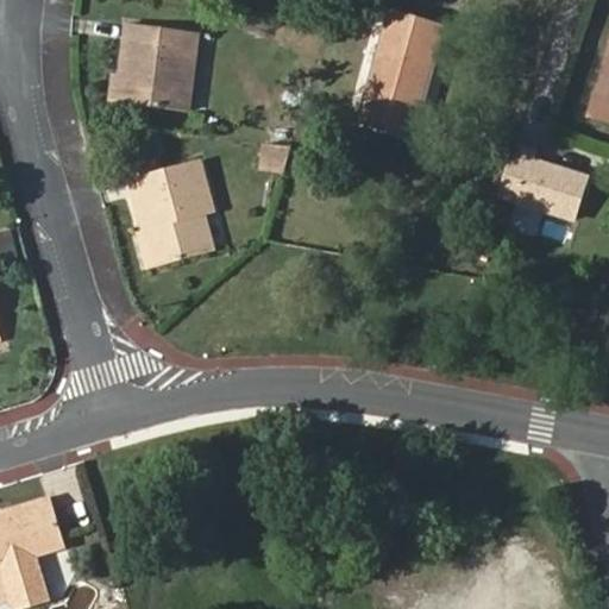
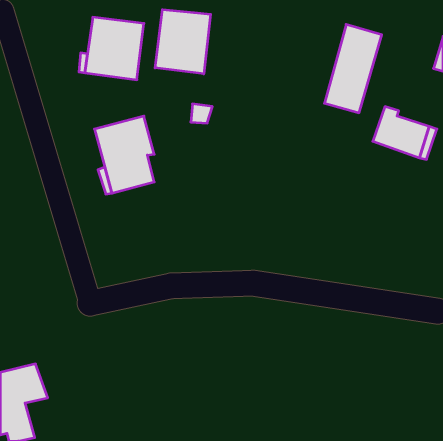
building: [363,12,441,133] -> [324,24,382,113]
building: none -> [155,10,211,74]

